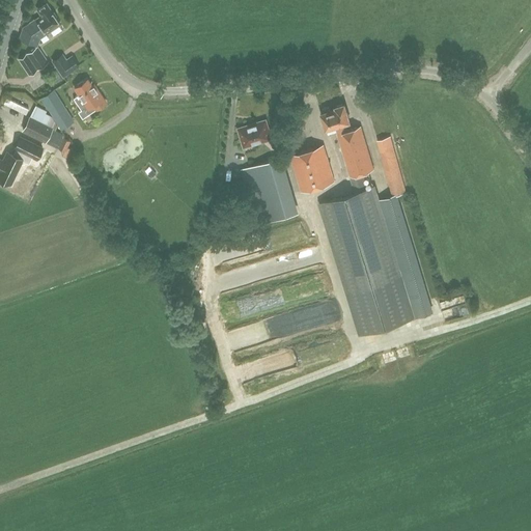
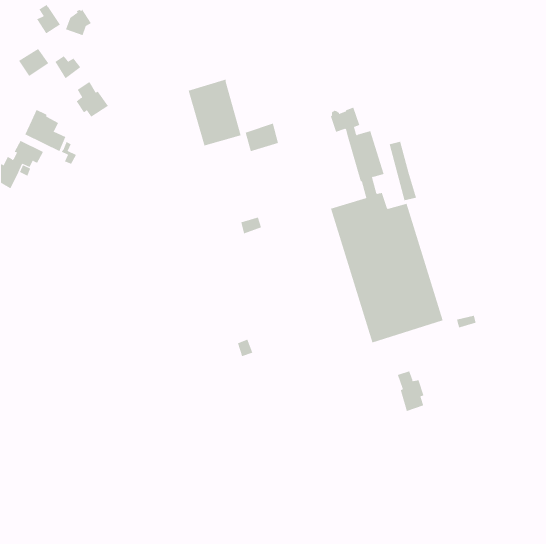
building: [19,21,45,48] -> [65,8,92,36]
building: [40,92,73,129] -> none
building: [290,146,334,193] -> none
building: [242,160,294,225] -> [188,79,241,146]
building: none -> [397,371,424,412]

